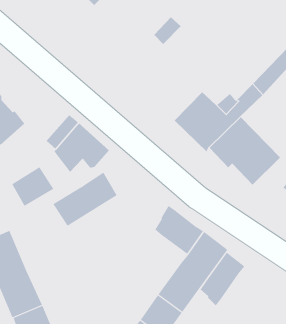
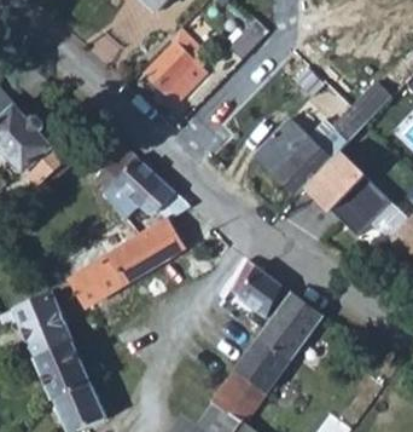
building: none -> [144,27,206,102]
building: [12,167,54,206] -> [69,258,122,307]
building: [200,252,245,306] -> none

